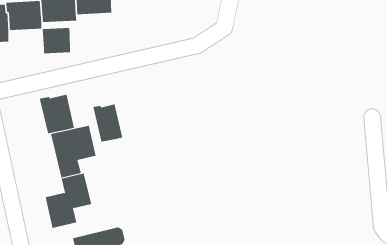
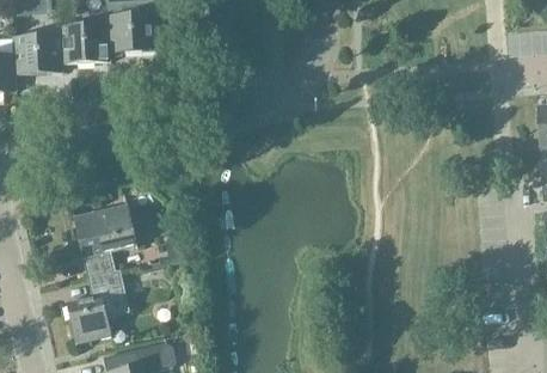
building: [42,27,71,54] -> none
building: [39,94,75,134] -> none
building: [93,104,123,143] -> none

